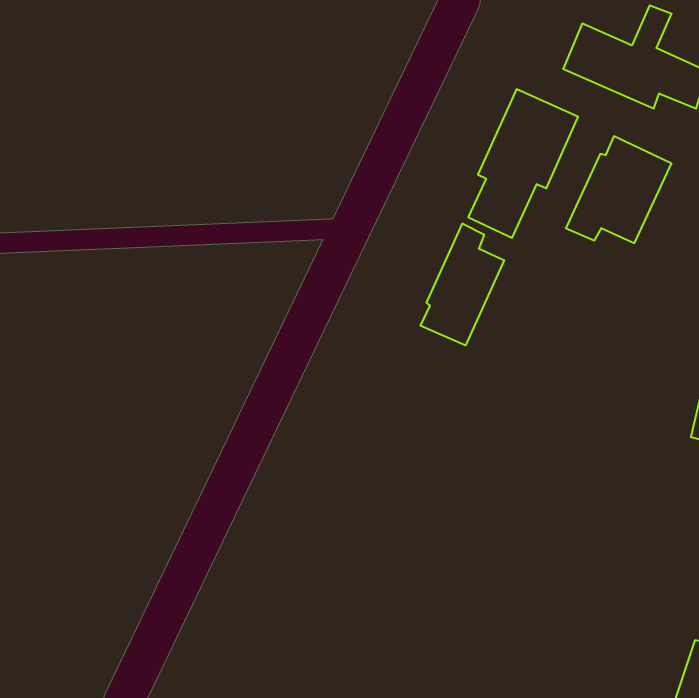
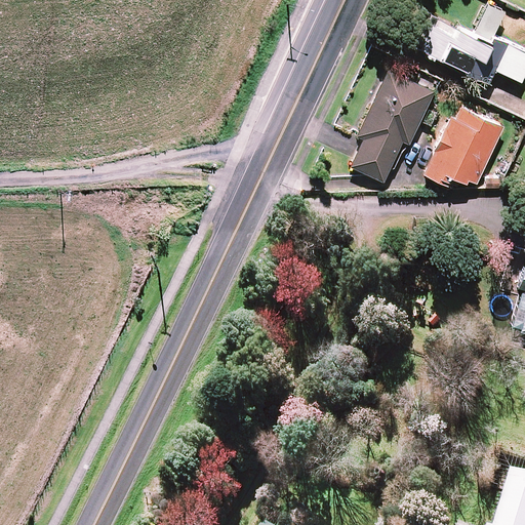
building: [420,223,504,345] -> none

